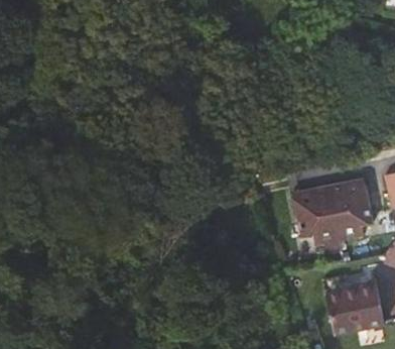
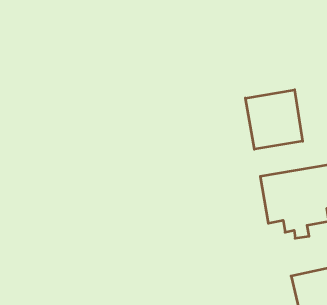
building: none -> [245,90,303,149]

